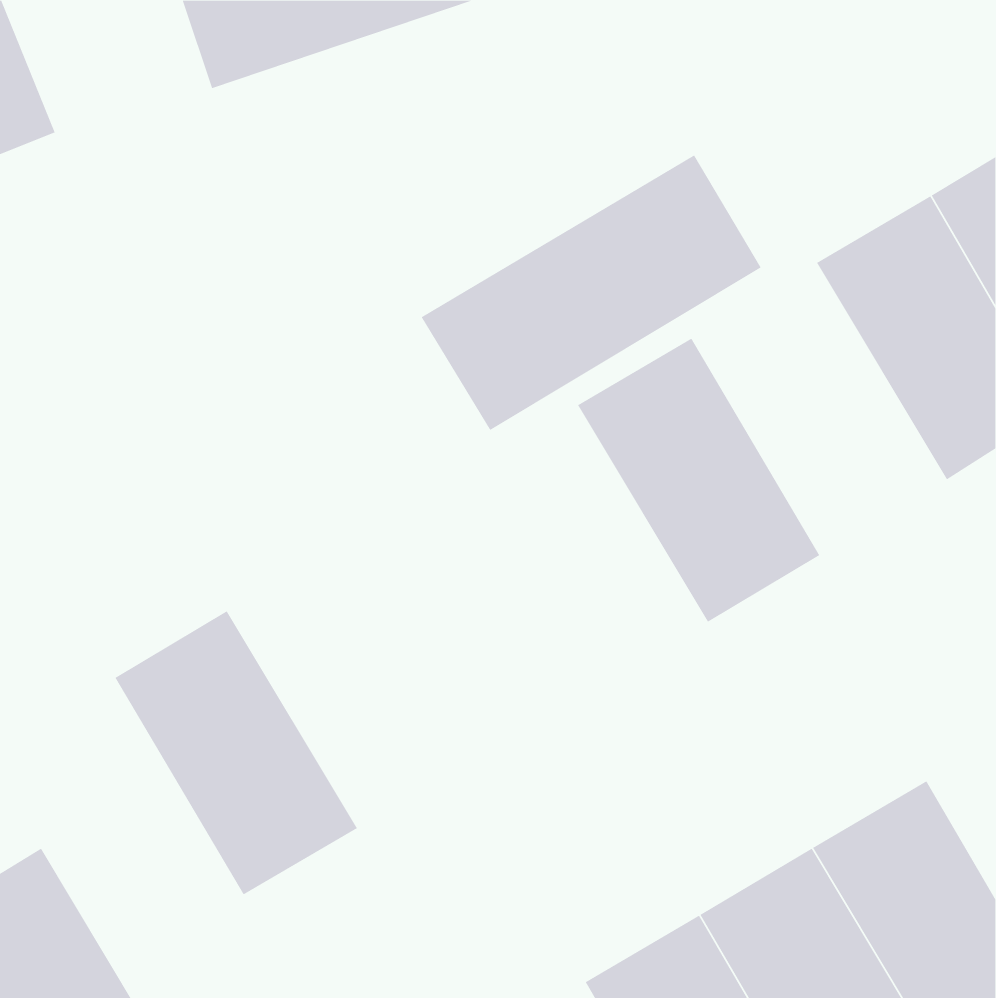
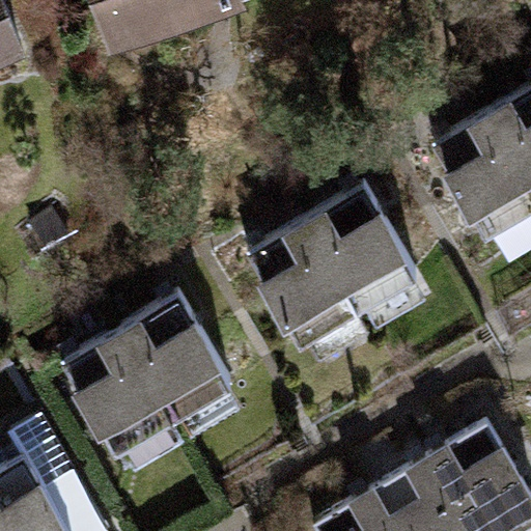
building: [421,155,762,431] -> none
building: none -> [243,219,371,368]
building: none -> [119,291,247,441]

